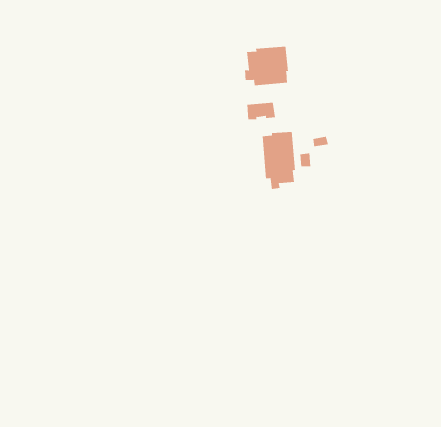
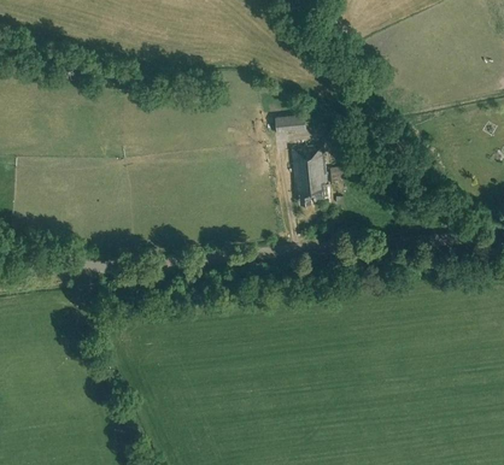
building: [245,46,289,86] -> none

